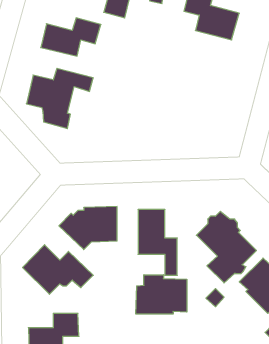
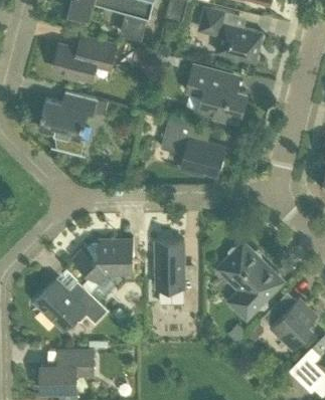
building: none -> [186,65,247,121]
building: none -> [161,117,224,175]
building: [136,275,187,314] -> none

